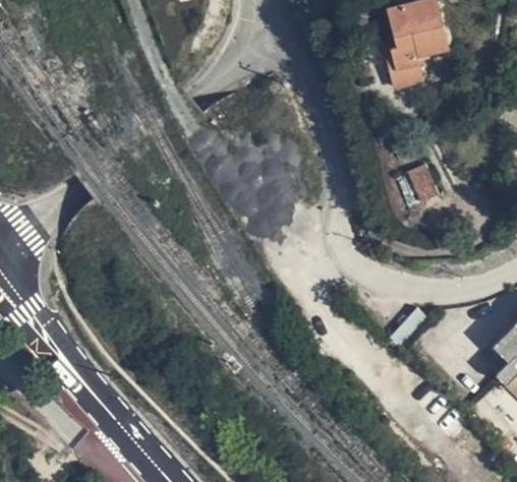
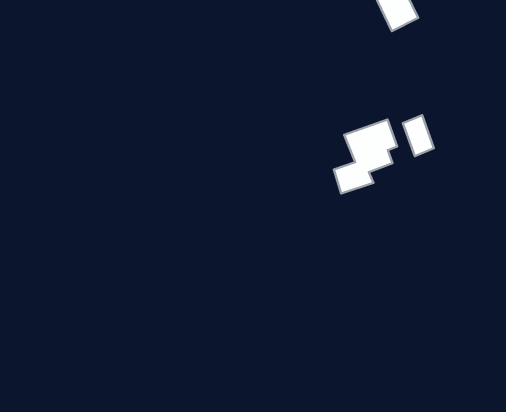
building: none -> [334,119,397,194]

